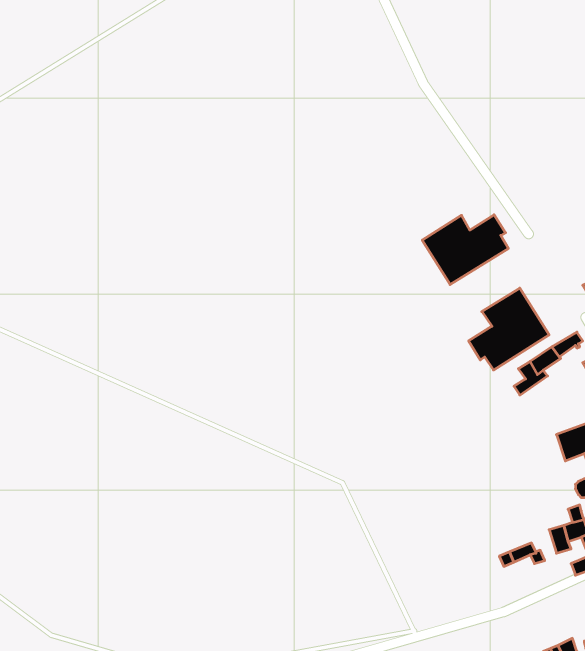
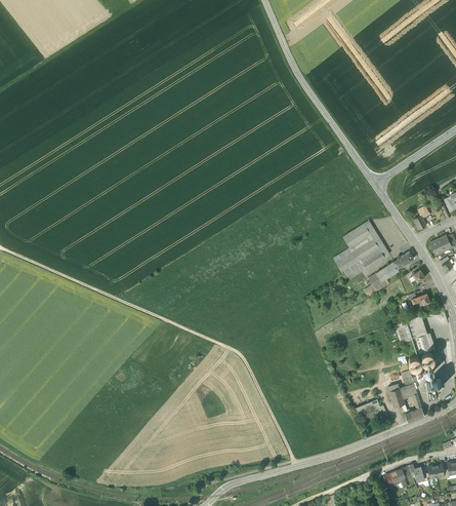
building: [422,215,508,285] -> none

